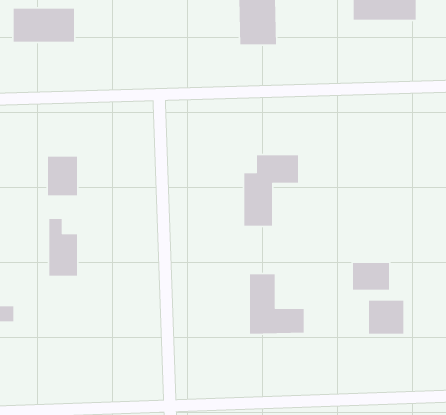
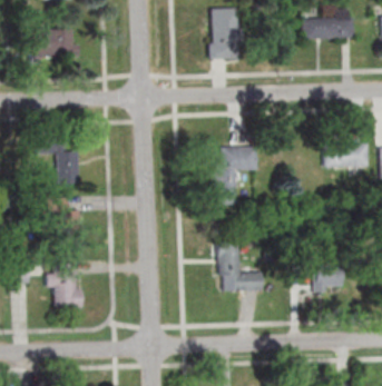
building: none -> [325,142,368,166]
building: [352,262,390,290] -> none
building: none -> [47,267,80,307]

